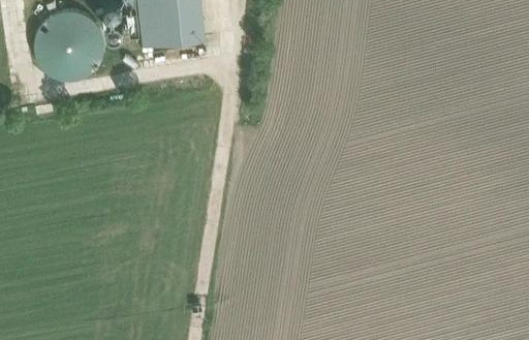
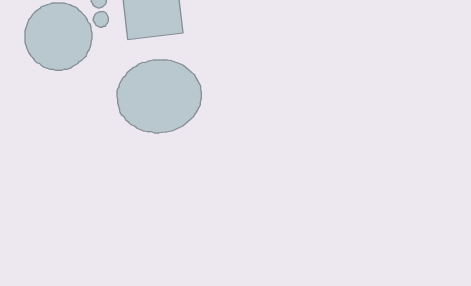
building: none -> [117,60,201,133]

